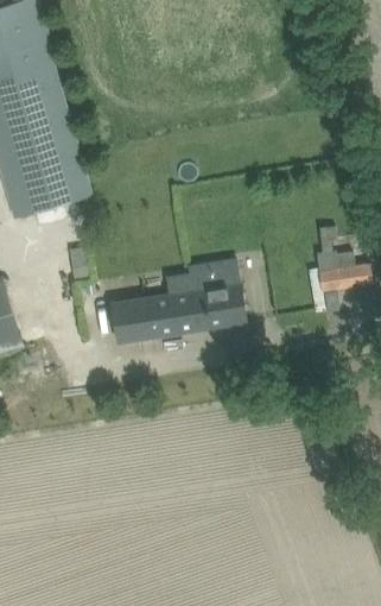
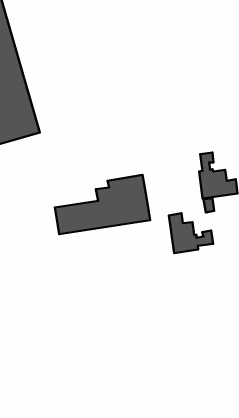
building: none -> [169,213,213,253]

